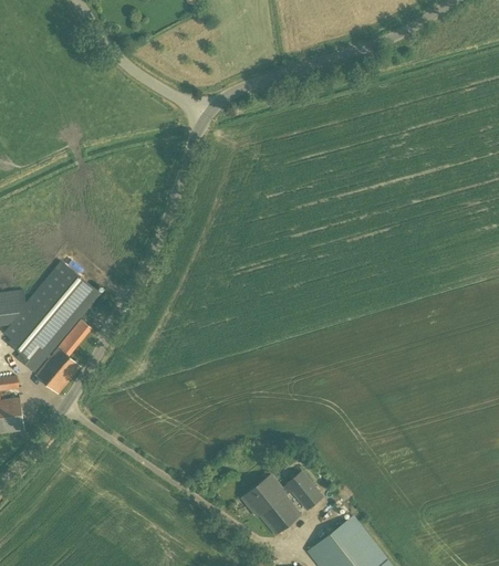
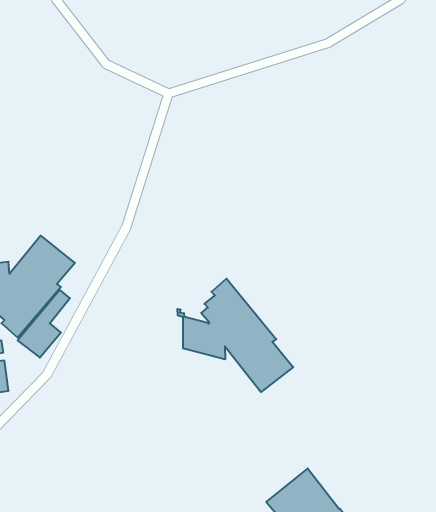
building: none -> [177,279,293,392]
building: [242,471,323,534] -> none

